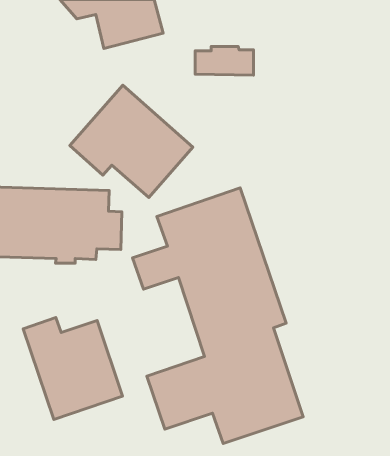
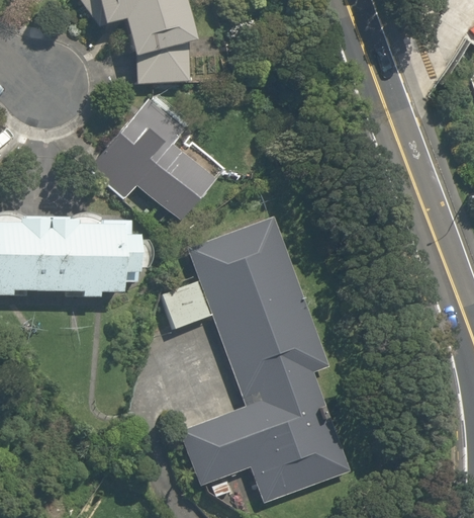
building: [195,46,253,75] -> [137,52,203,84]
building: [23,318,122,420] -> none

